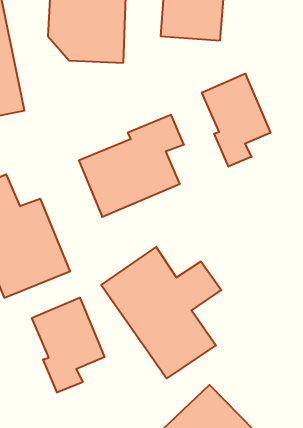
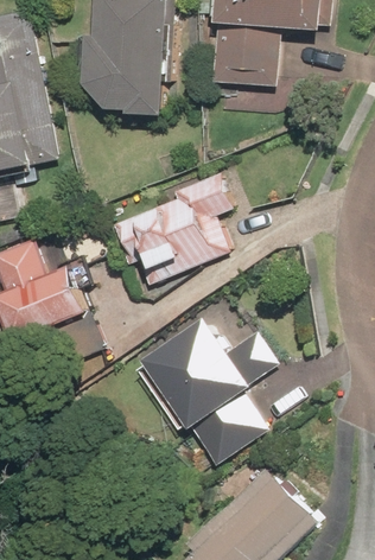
building: [202,74,270,167] -> none
building: [32,298,104,393] -> none

